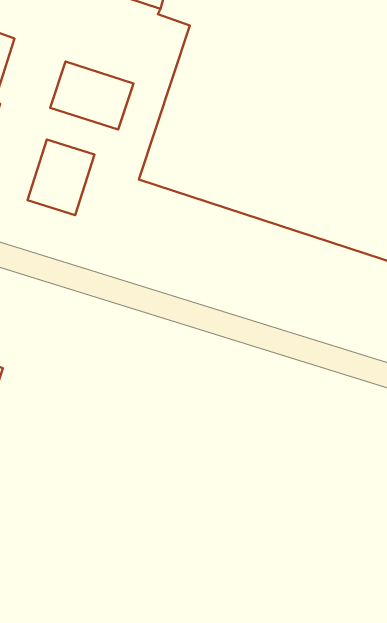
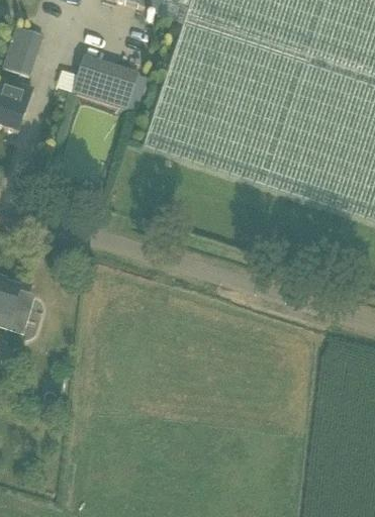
building: [28,140,95,215] -> none

